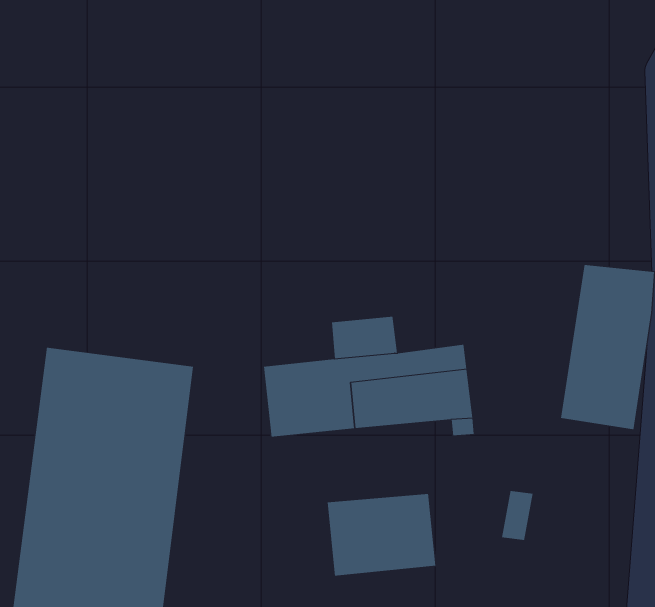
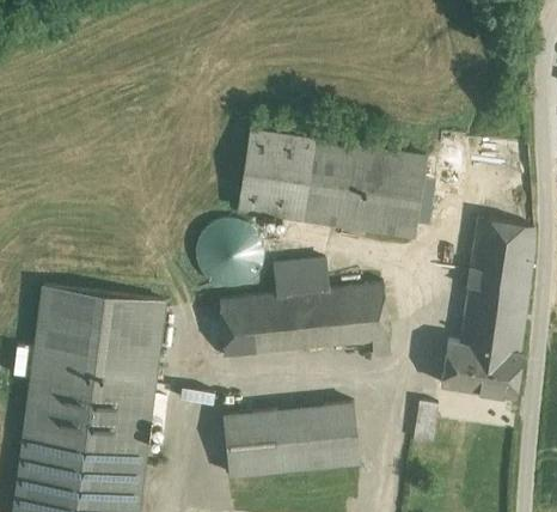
building: none -> [239,132,426,236]
building: none -> [196,219,264,288]
building: none -> [441,341,522,396]
building: none -> [224,410,277,475]

